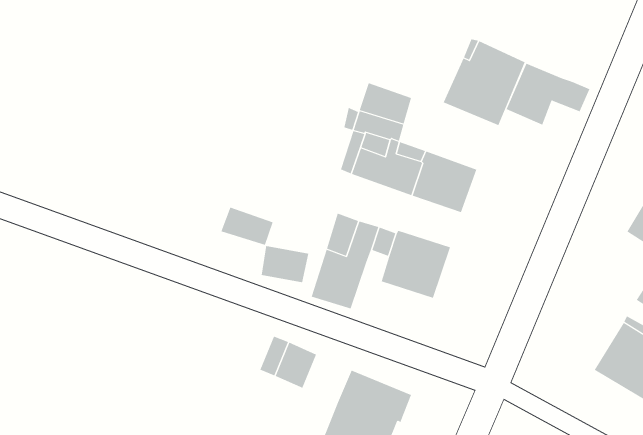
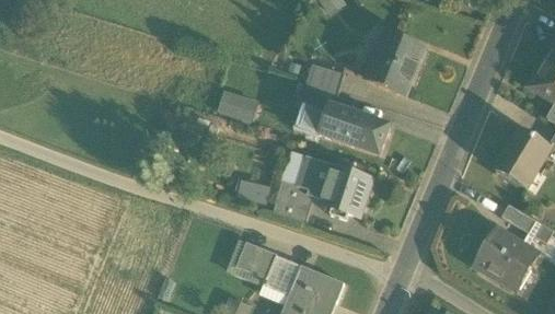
building: [506,63,590,125] -> none
building: [221,207,273,246] -> [219,93,256,120]
building: none -> [267,255,301,289]

